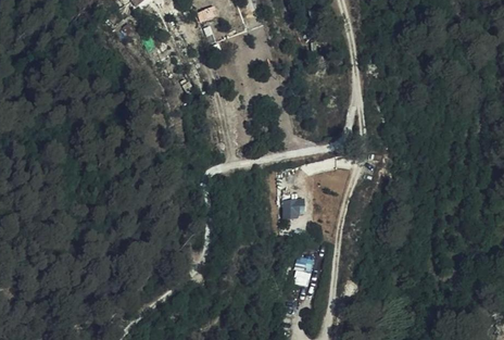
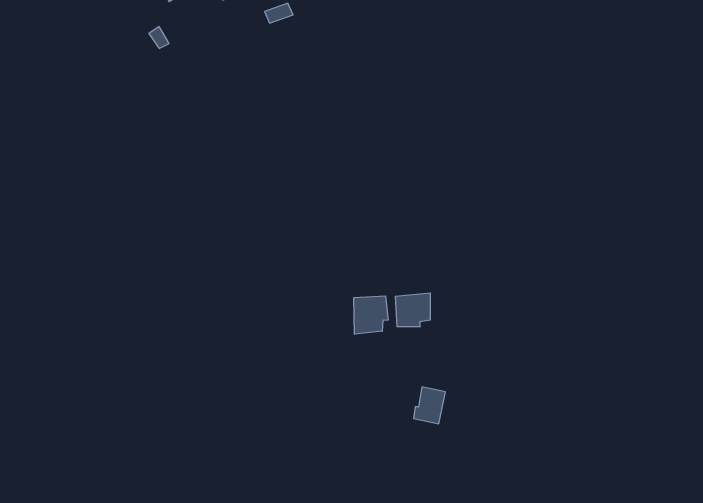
building: none -> [354,296,388,334]

